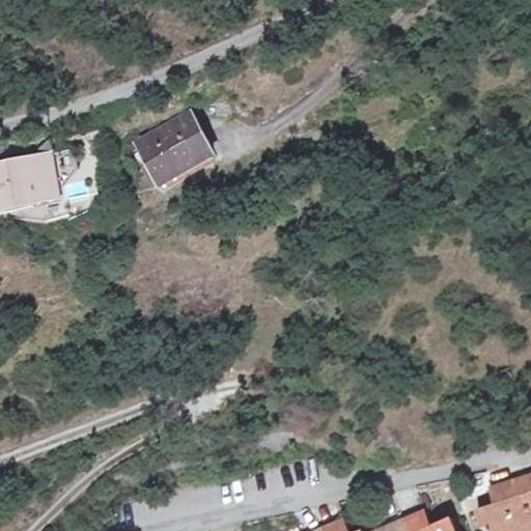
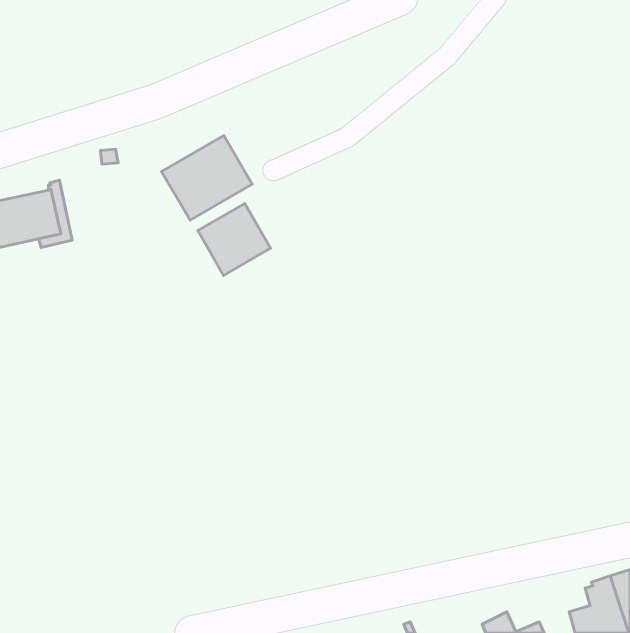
building: none -> [198,203,270,275]

